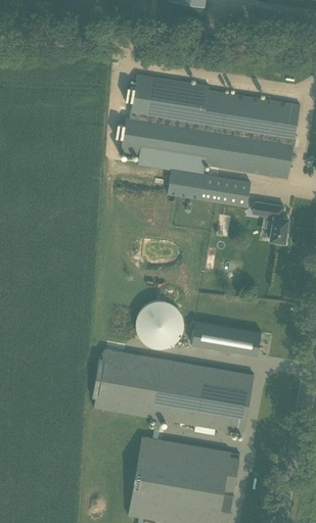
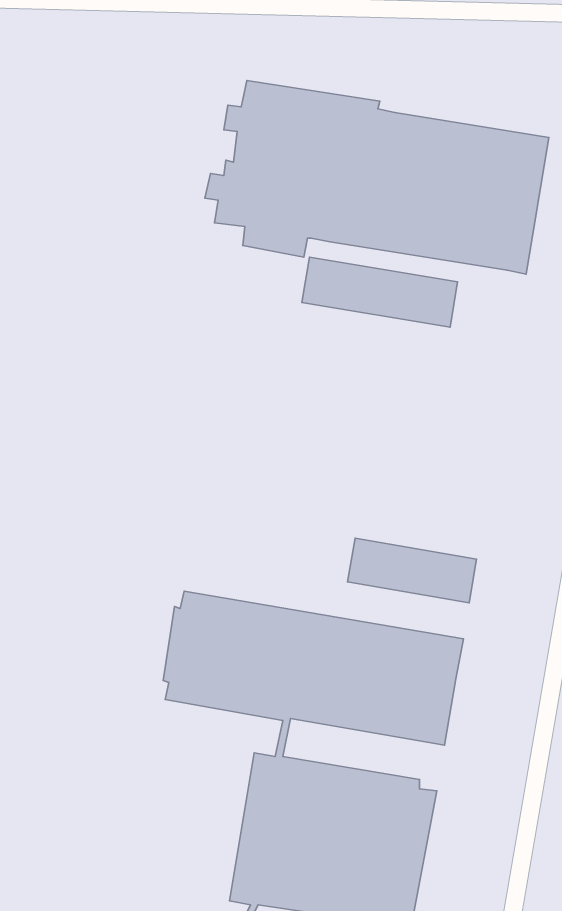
building: [254,201,288,244] -> none
building: [136,301,184,348] -> none

